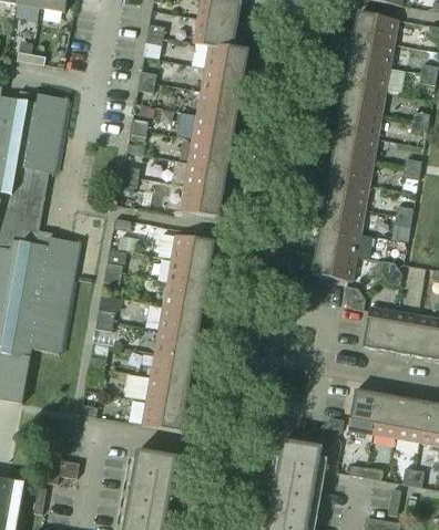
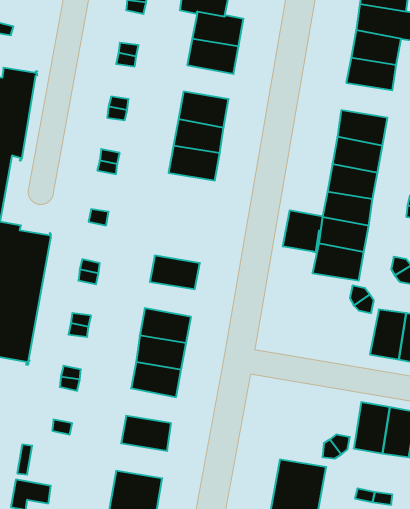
building: [196,91,241,121] -> none
building: [336,106,381,137] -> none
building: [178,186,224,217] -> none
building: none -> [283,210,322,252]
building: [171,235,215,266] -> none
building: [162,282,206,313] -> none
building: [145,376,190,407] -> none

